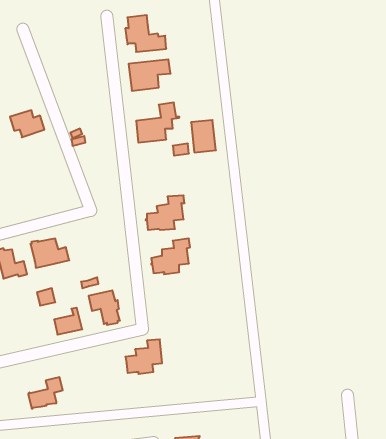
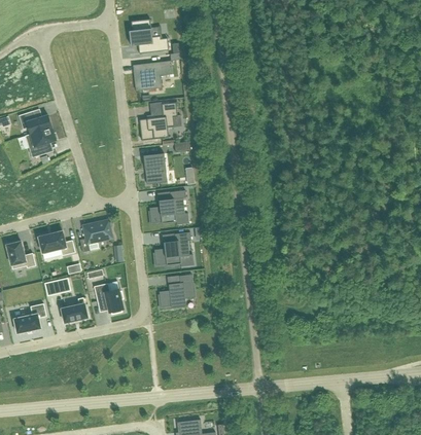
building: [191,120,216,152] -> [143,153,167,184]
building: none -> [25,128,57,157]
building: none -> [79,220,111,252]
building: [125,339,162,374] -> [159,275,194,307]
building: [28,377,63,409] -> [13,303,46,333]

